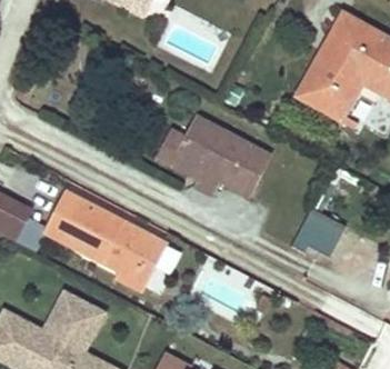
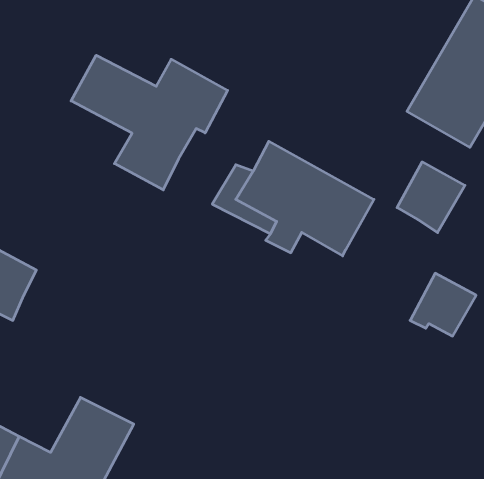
building: none -> [71,55,228,190]
building: none -> [397,162,465,233]
building: [46,191,164,282] -> none

